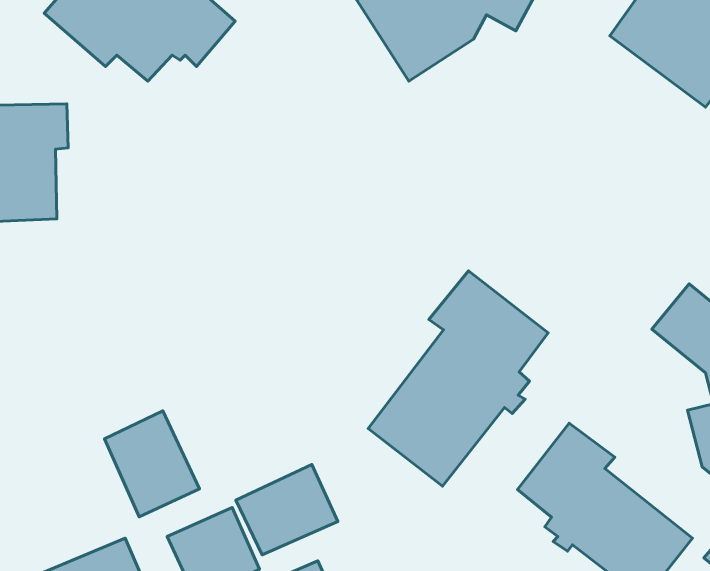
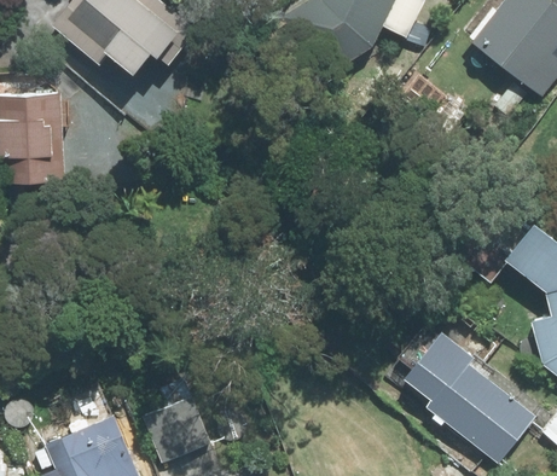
building: [368,271,548,486] -> none
building: [105,411,200,517] -> none
building: [236,465,338,555] -> none

